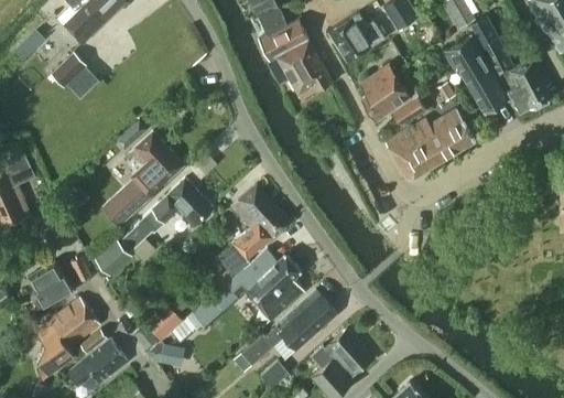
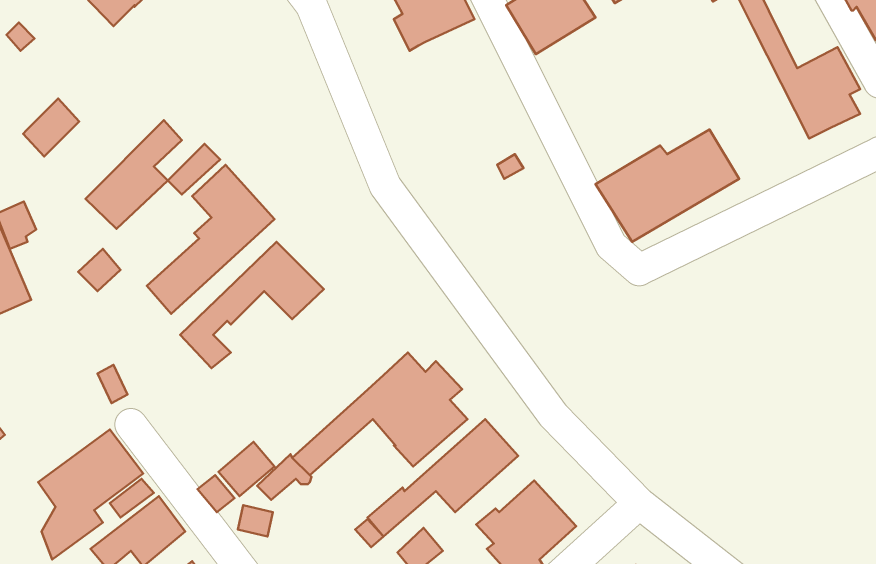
building: [445,37,507,111] -> none
building: [267,40,332,93] -> none
building: [51,51,86,87] -> [23,99,79,157]
building: [360,65,425,126] -> none
building: none -> [85,120,182,229]
building: [223,184,290,275] -> none
building: [94,240,130,276] -> none
building: [28,261,73,308] -> none

